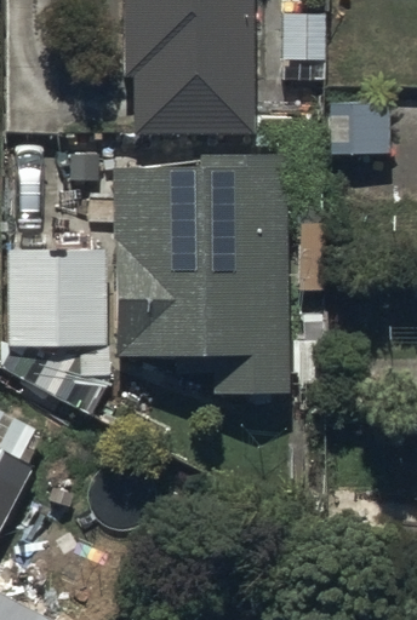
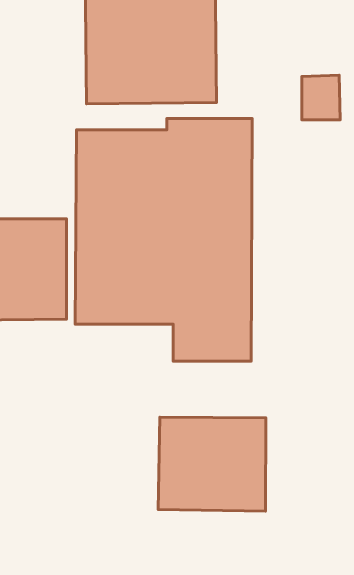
building: none -> [158,417,266,511]

